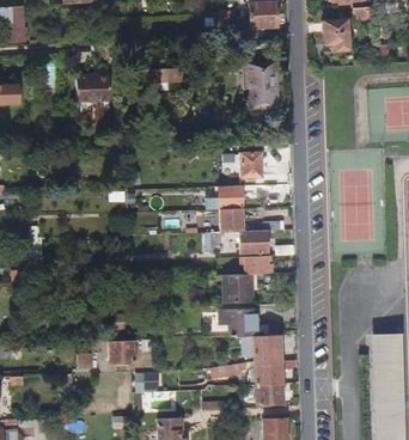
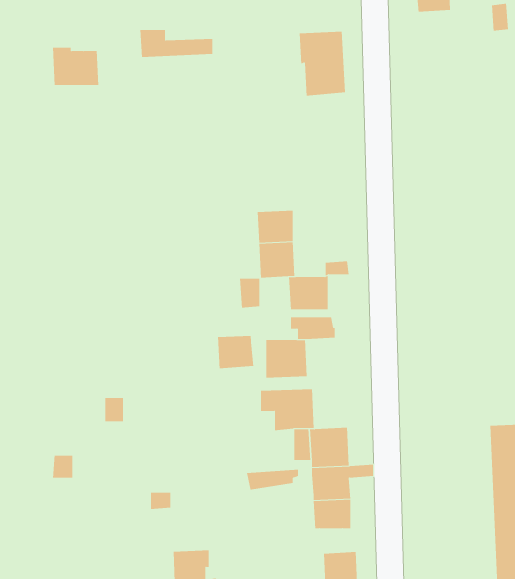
building: [239,153,262,177] -> none
building: none -> [218,335,254,369]
building: [110,338,135,362] -> none

